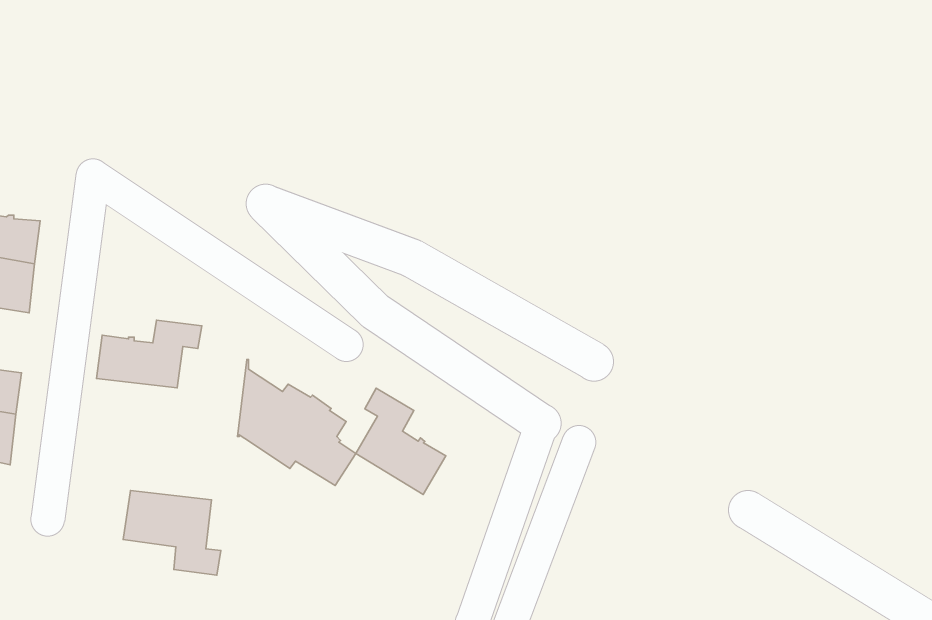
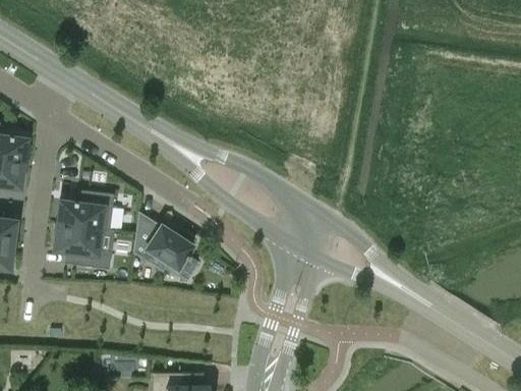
building: [356,388,446,494] -> none
building: [123,491,221,575] -> [54,223,107,269]

